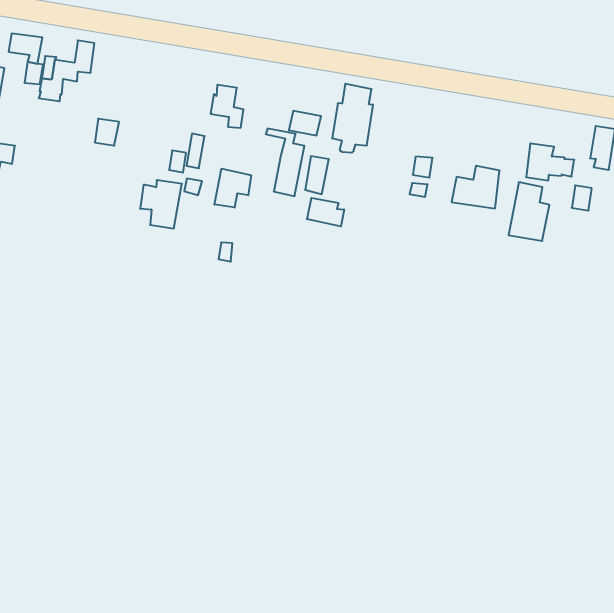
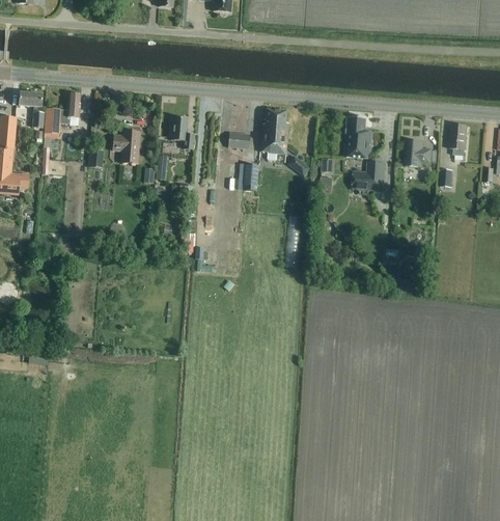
building: [214,169,251,208] -> none
building: [140,180,182,228] -> [112,129,141,163]
building: [509,182,549,241] -> [344,115,372,157]
building: [307,198,344,226] -> none

